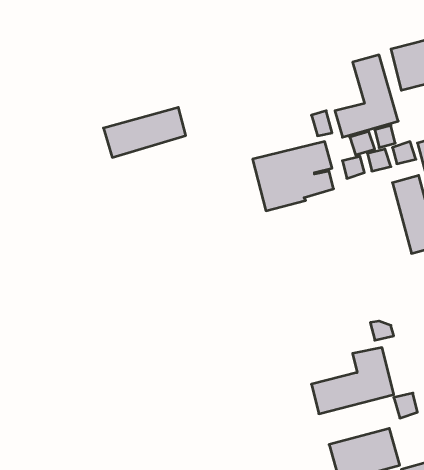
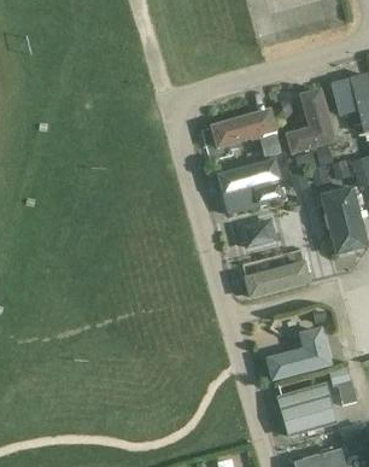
building: [103,107,186,157] -> [209,107,276,148]
building: none -> [240,214,281,247]
building: none -> [242,259,310,298]

